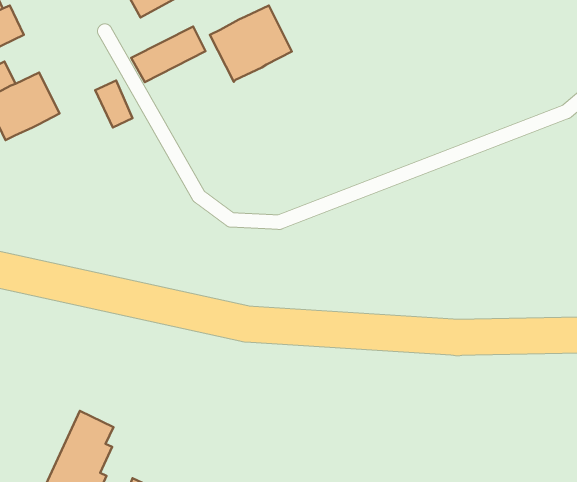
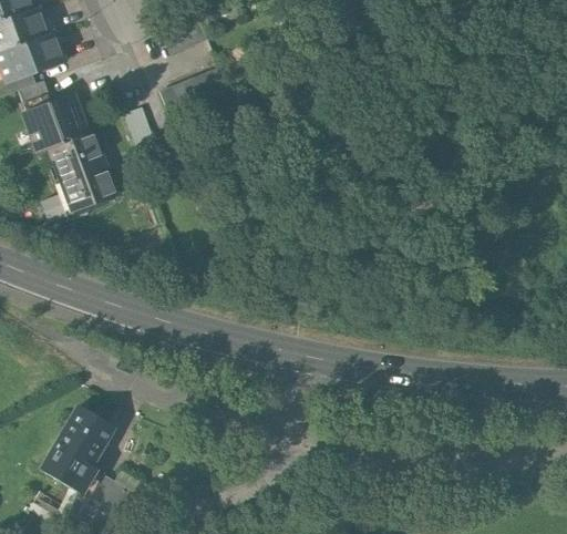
building: [210,5,292,82] -> none
building: none -> [48,132,117,212]

